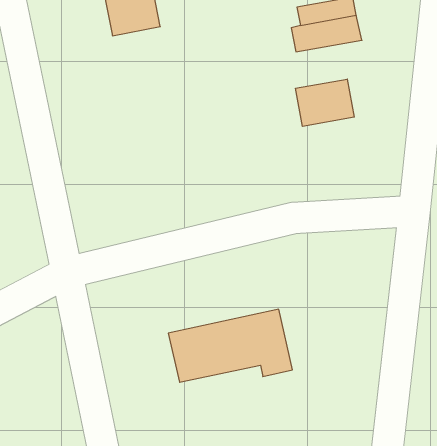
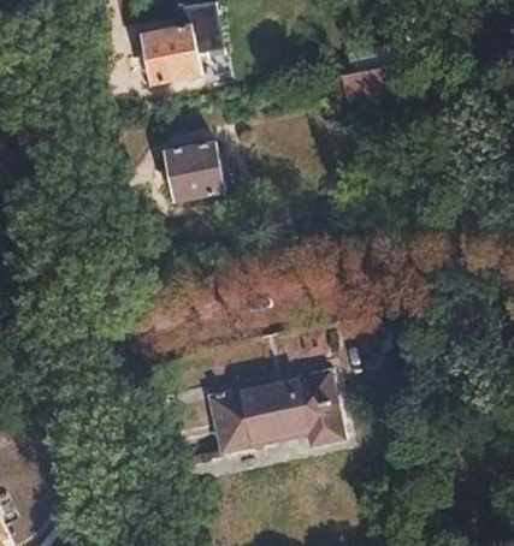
building: [296,79,354,126] -> none
building: none -> [164,143,225,202]

